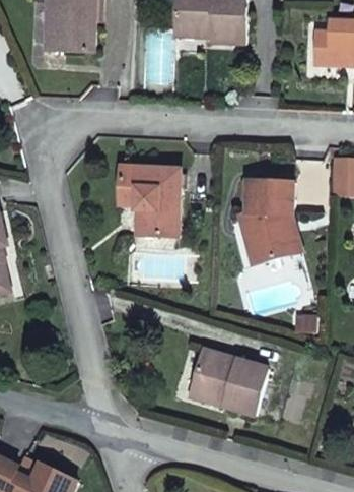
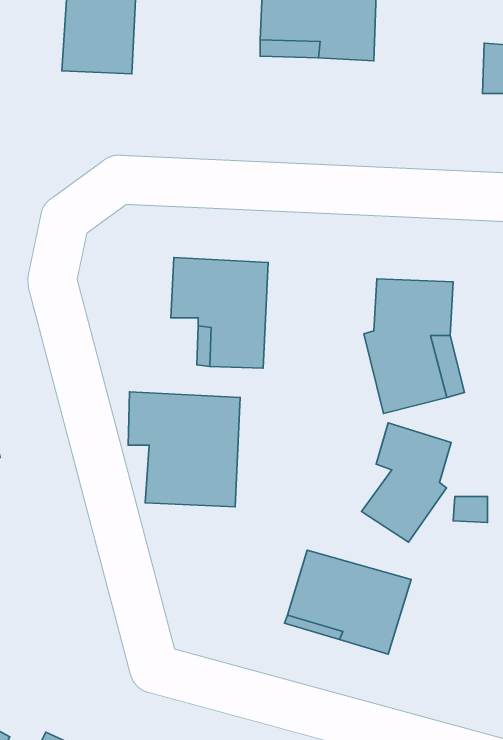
building: none -> [128,392,240,507]
building: none -> [362,423,451,542]

